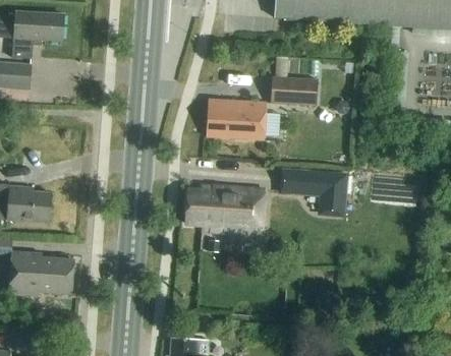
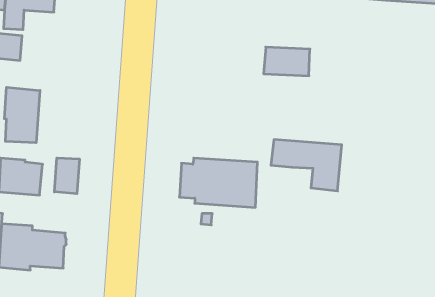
building: [207,99,279,139] -> none
building: none -> [4,87,40,143]
building: none -> [54,158,79,194]

